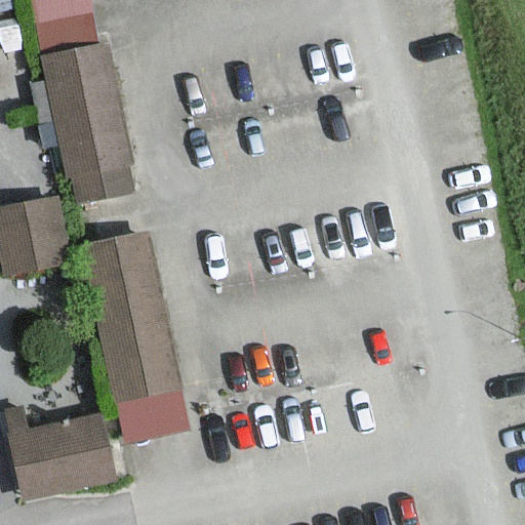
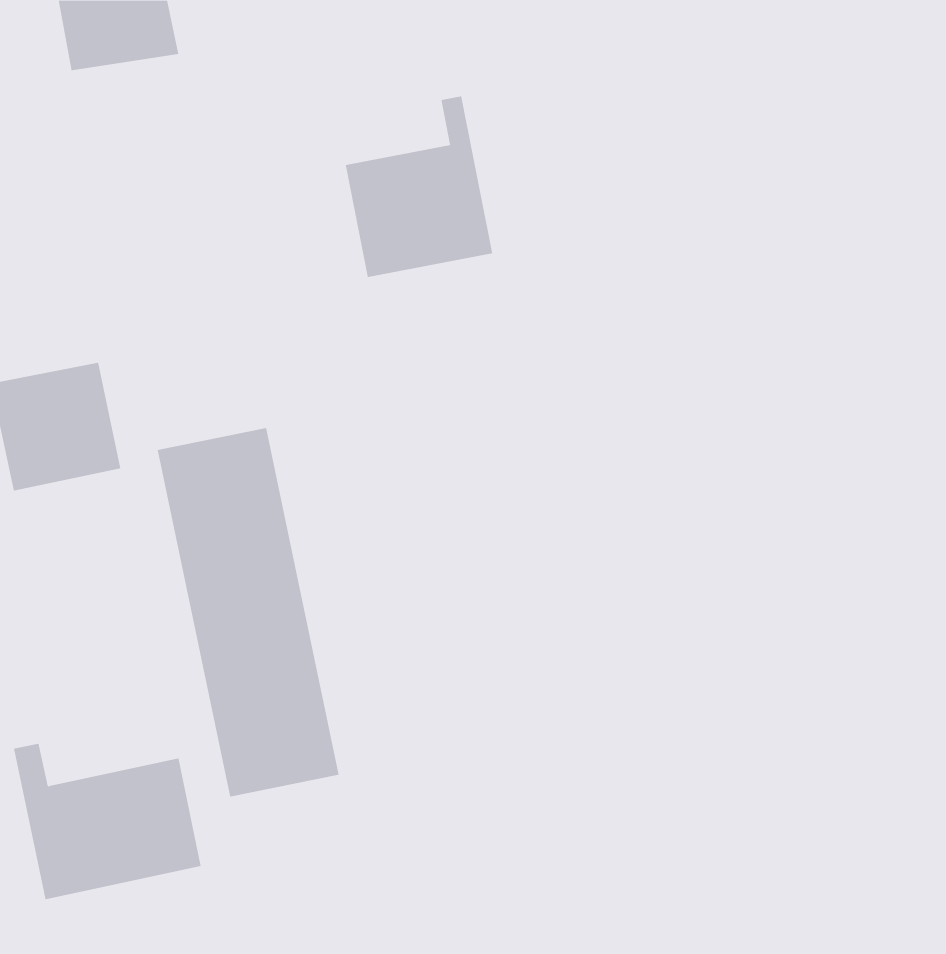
building: [48,46,132,198] -> none
building: none -> [345,95,493,278]

